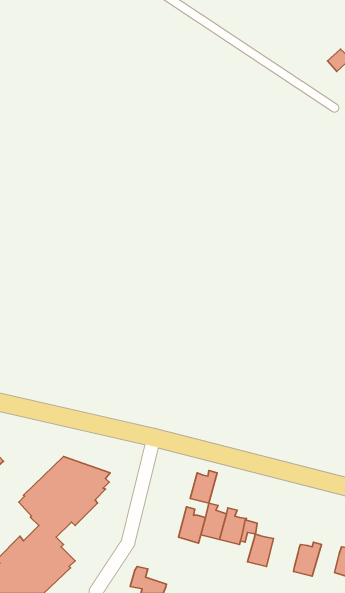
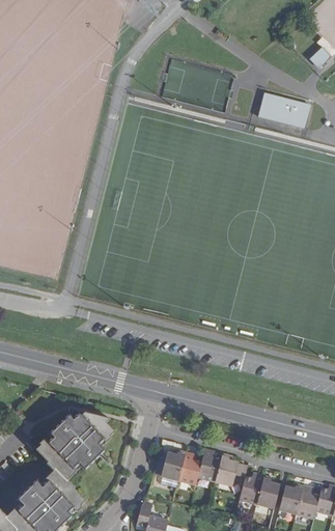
building: none -> [257,93,309,129]
building: [190,470,217,503] -> [161,450,185,479]
building: none -> [255,477,280,509]
building: none -> [296,485,319,519]

